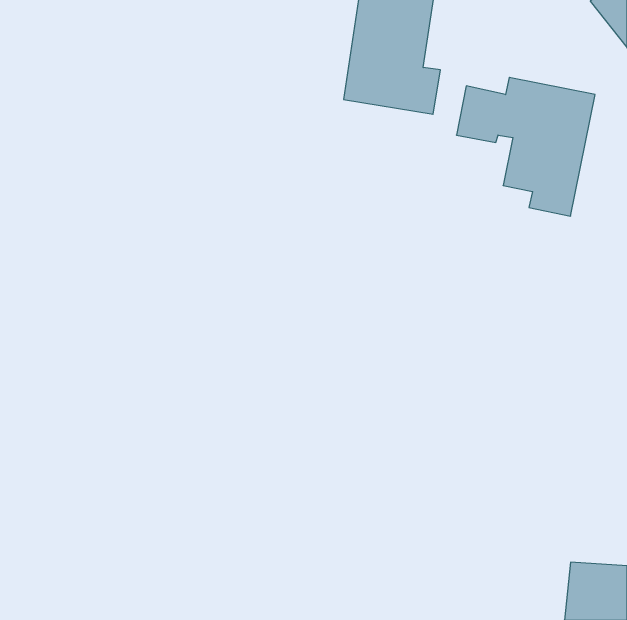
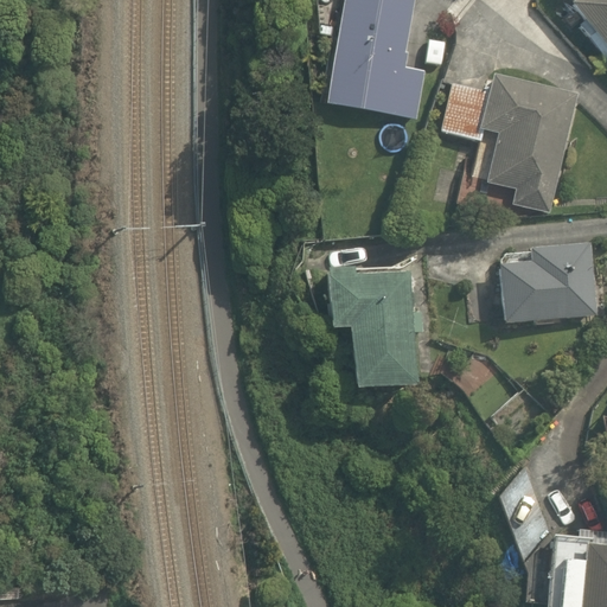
building: none -> [499,243,596,320]
building: none -> [327,273,414,390]

